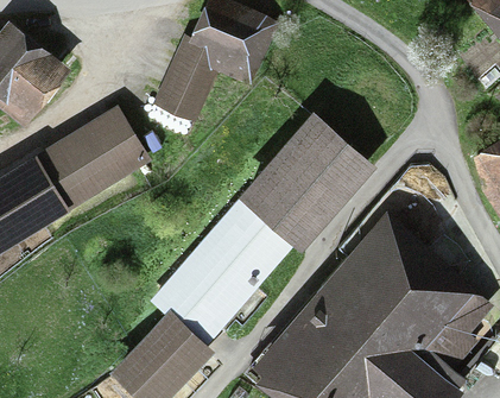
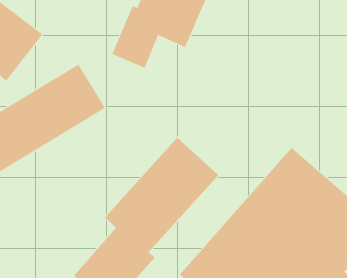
building: [236,110,376,252] -> none

